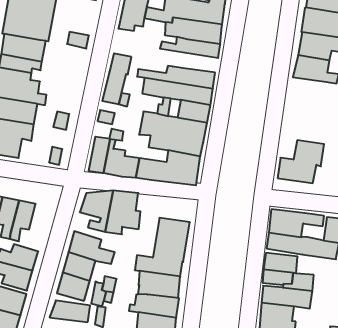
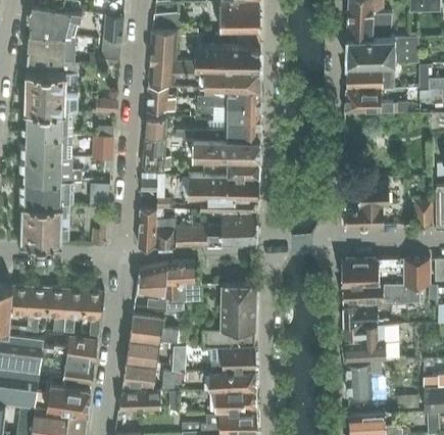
building: none -> [147,88,169,112]
building: none -> [197,103,261,120]
building: none -> [92,126,114,159]
building: none -> [84,290,105,336]

